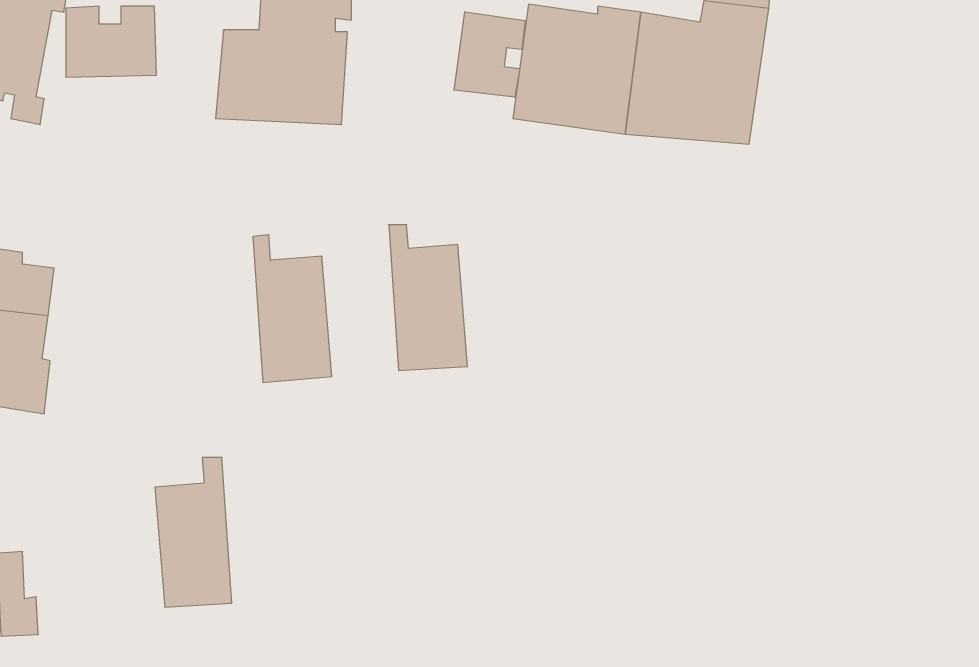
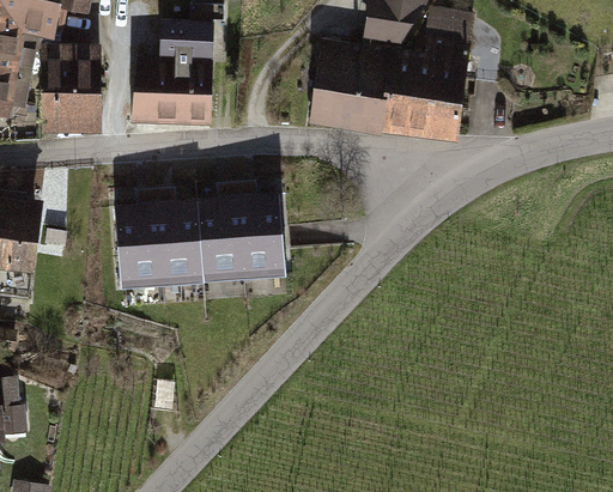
building: [454,12,525,97] -> none
building: none -> [41,95,96,124]
building: none -> [196,186,243,278]
building: [155,458,232,607] -> [114,193,160,284]

